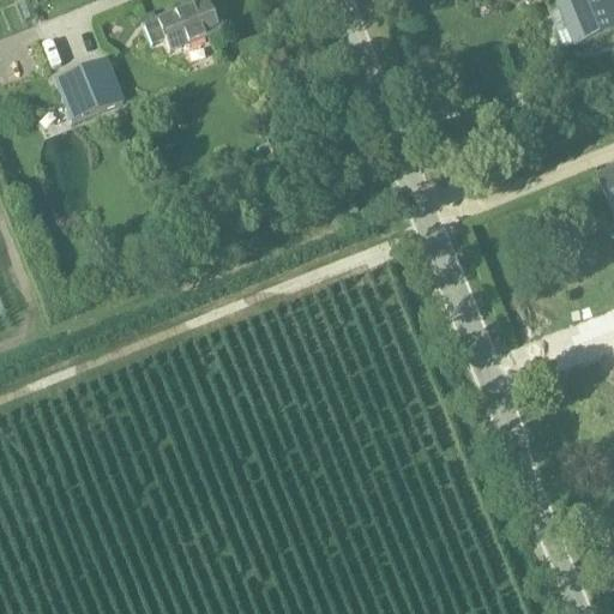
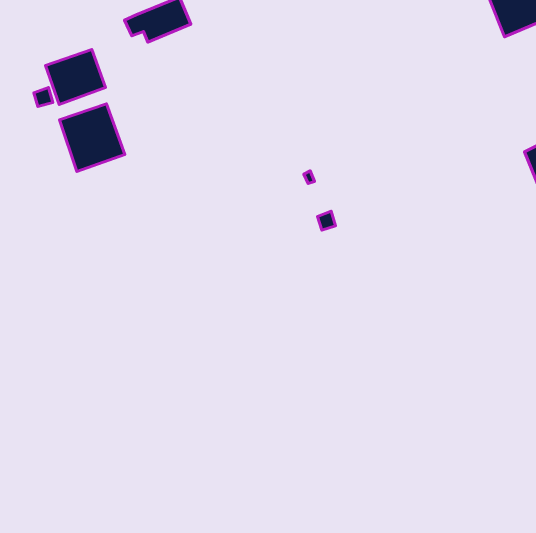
building: none -> [60,104,125,171]

